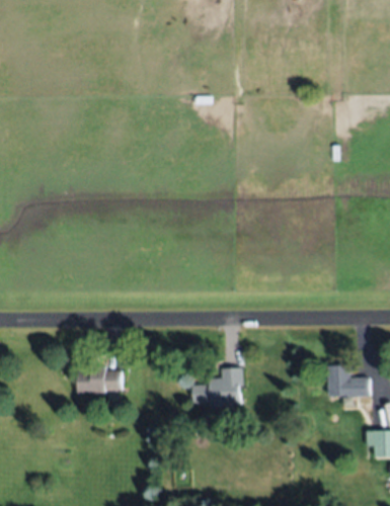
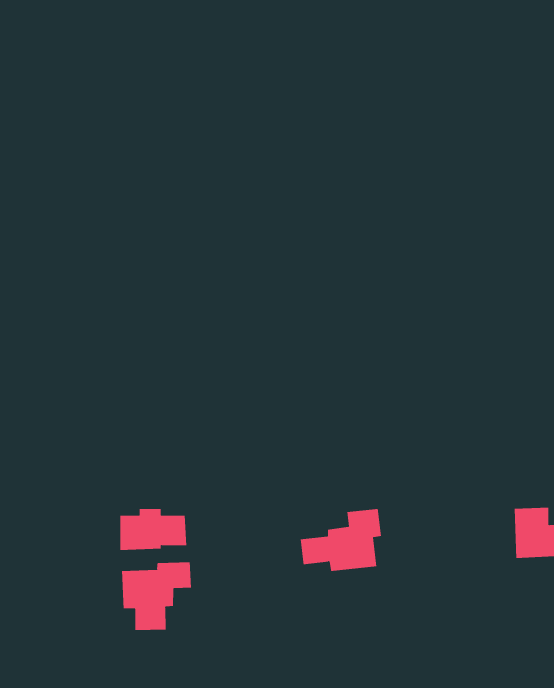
building: none -> [122,562,191,631]

